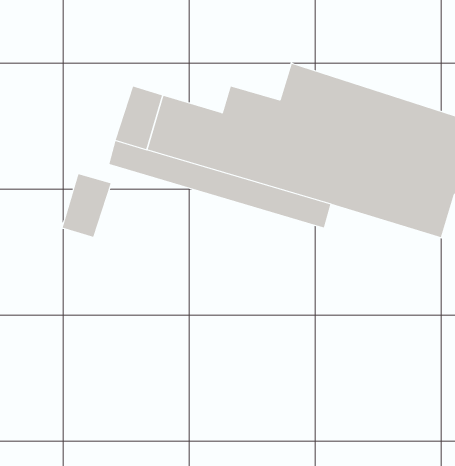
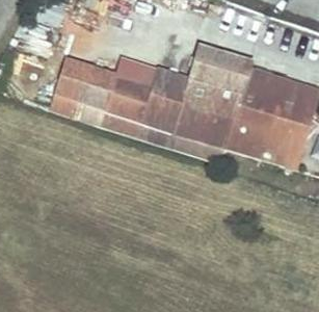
building: [62,173,111,238] -> [62,57,95,99]

